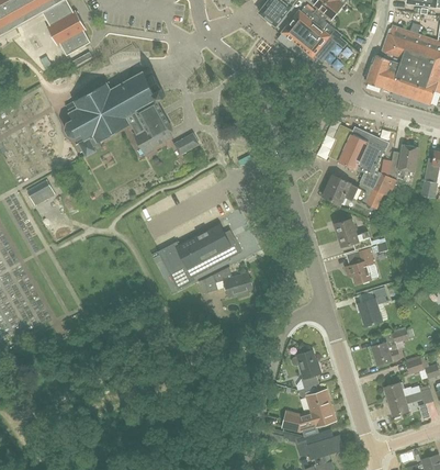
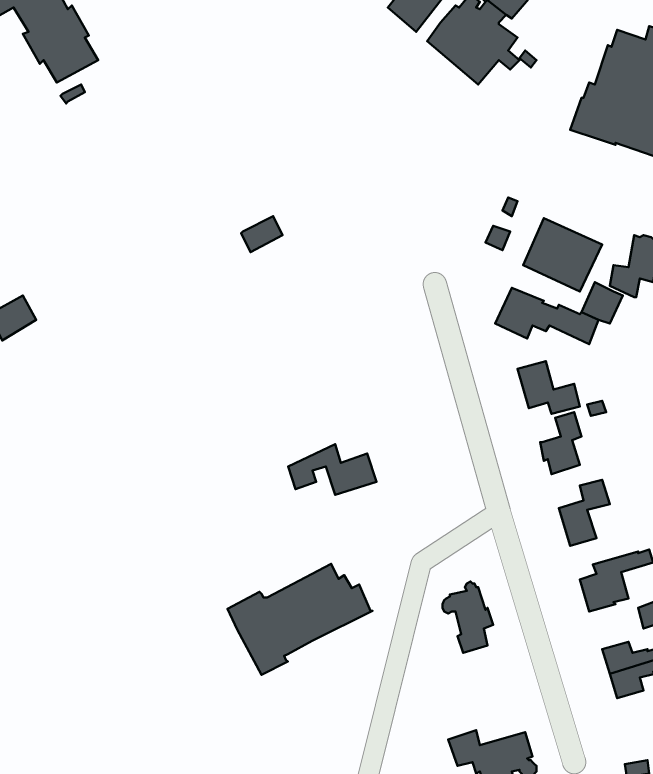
building: [65,67,171,155] -> none
building: [157,224,241,289] -> [228,564,372,675]
building: [282,389,335,429] -> none

